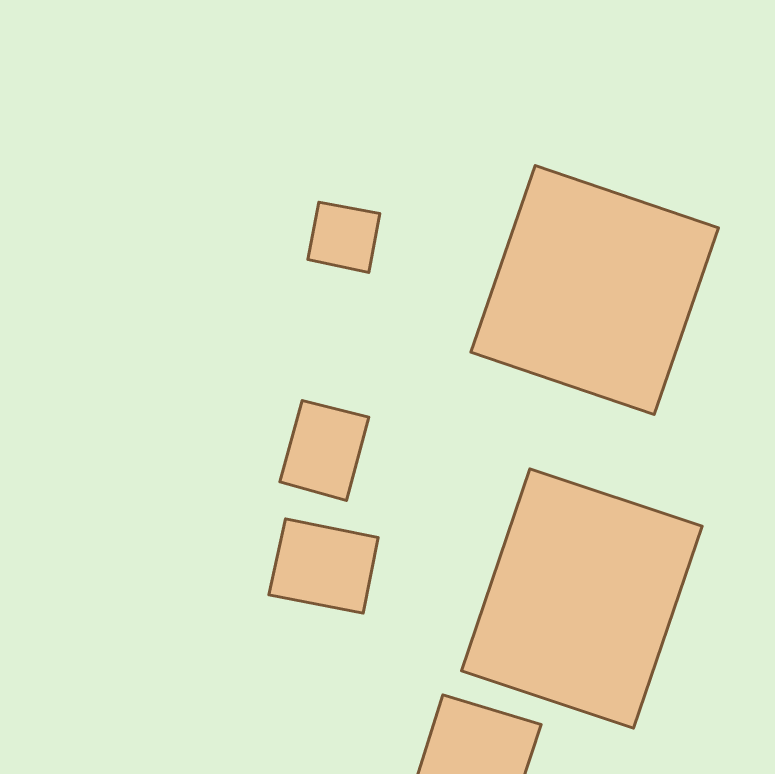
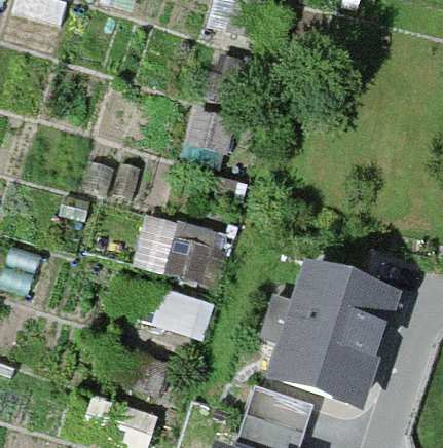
building: [471,166,718,414] -> none

